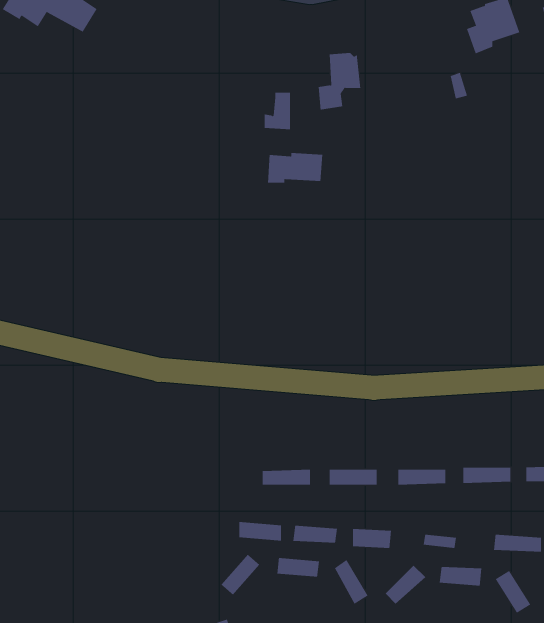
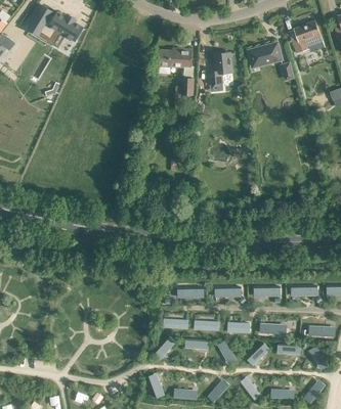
building: none -> [249,43,282,64]
building: [267,153,323,183] -> [160,49,191,66]

